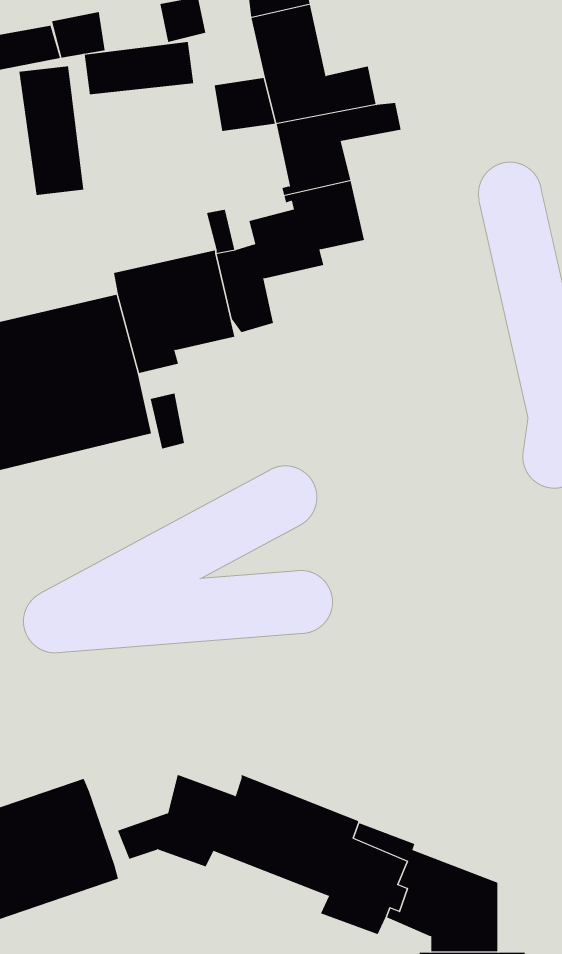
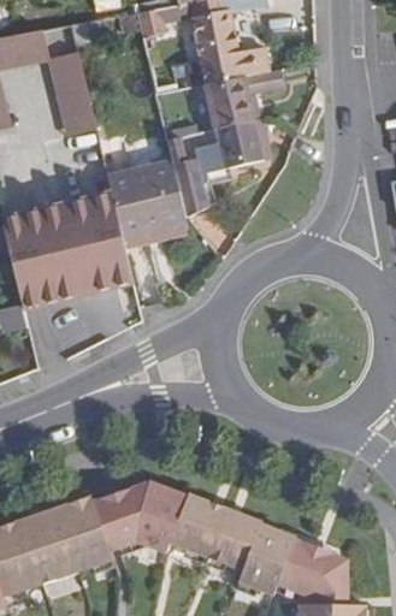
building: [84,41,194,95] -> none
building: none -> [93,482,187,549]

